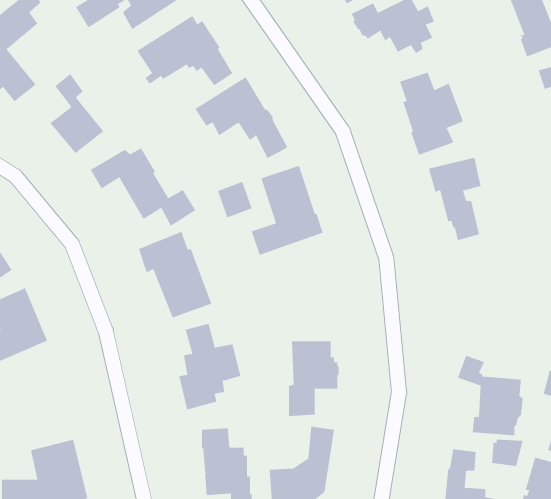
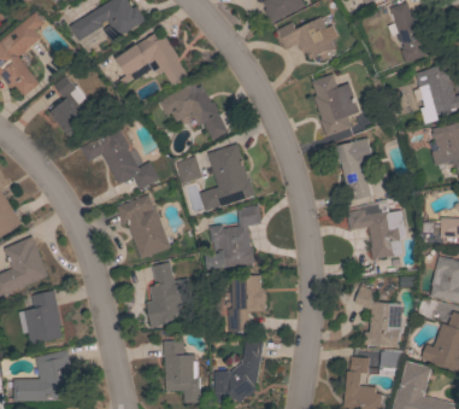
building: none -> [346,203,405,258]
building: none -> [205,205,260,269]
building: none -> [18,290,63,344]

